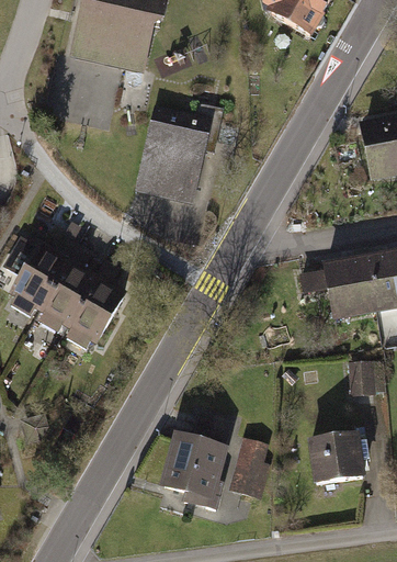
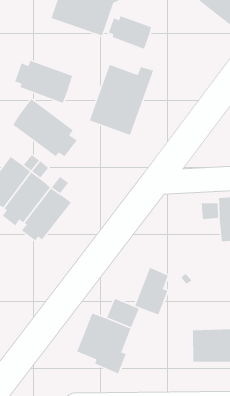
building: none -> [108,15,152,50]
building: none -> [14,60,73,104]
building: none -> [12,98,78,157]
building: [228,435,271,497] -> [134,267,169,316]

